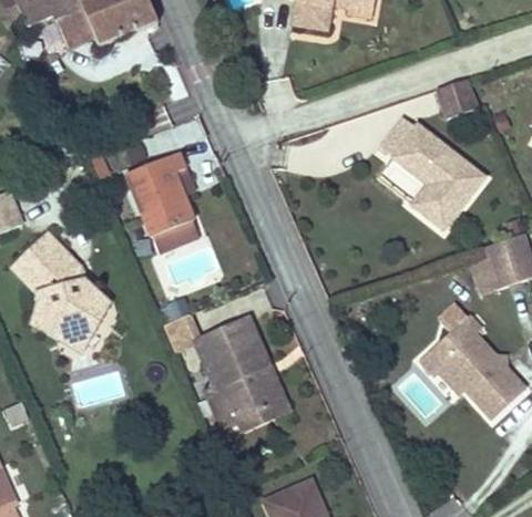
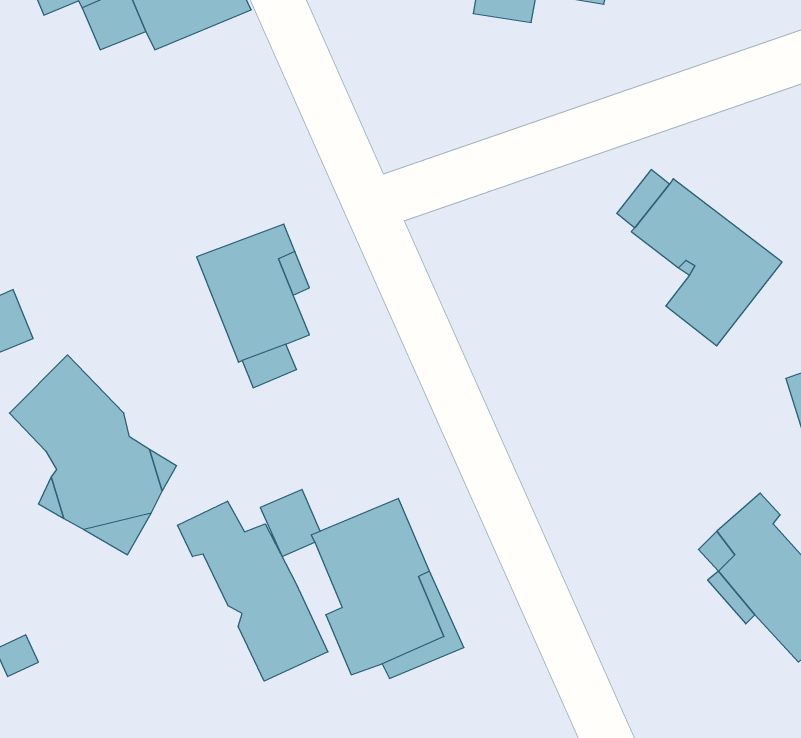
building: [438,76,480,117] -> none
building: none -> [178,501,328,681]

